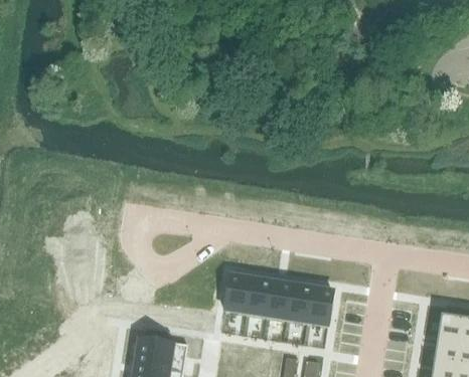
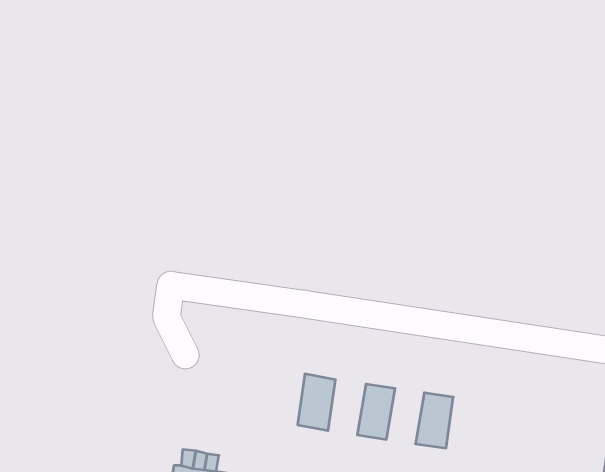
building: [245,276,271,315] -> none
building: [285,282,311,321] -> none

